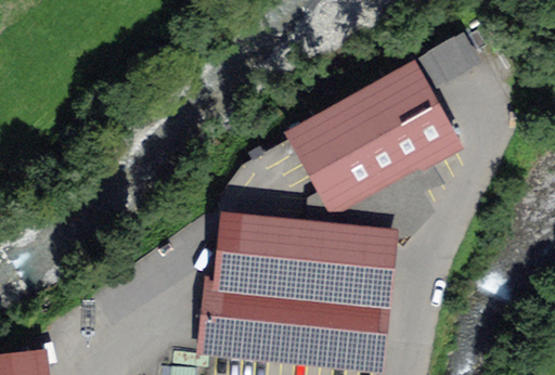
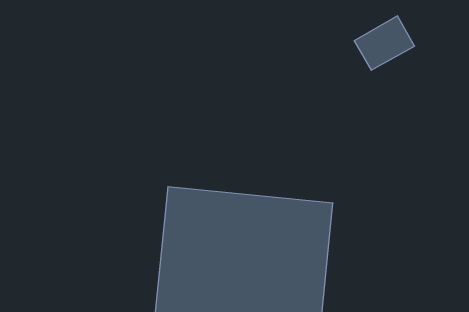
building: [282,74,453,220] -> none

